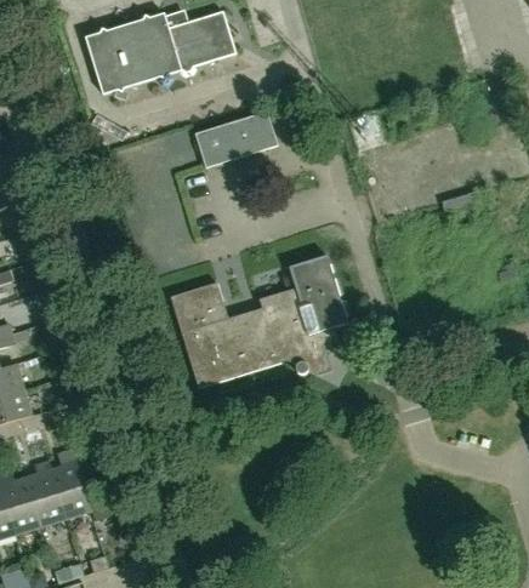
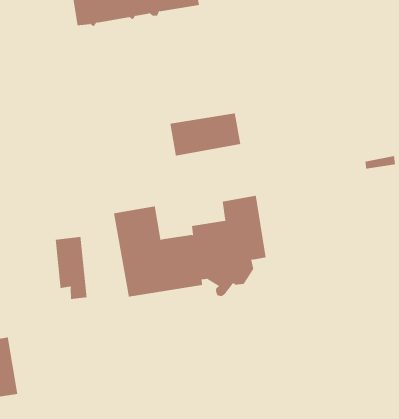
building: [195,110,278,167] -> [170,113,241,156]
building: none -> [55,236,87,300]

